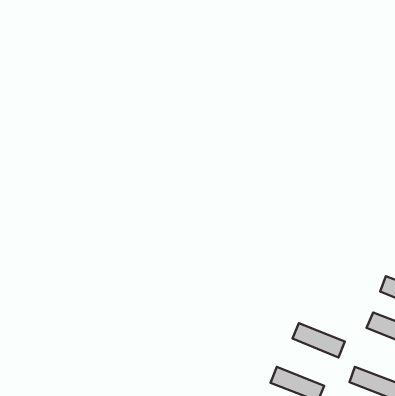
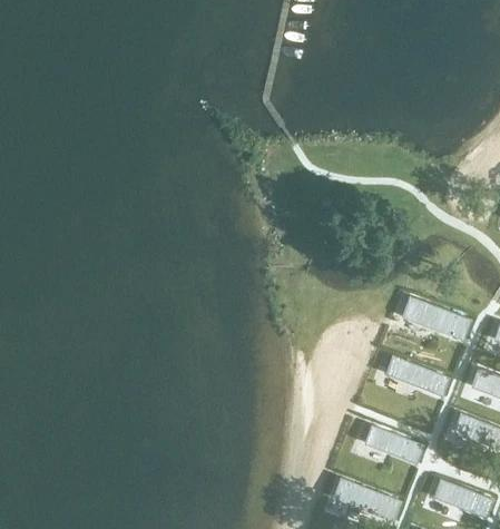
building: none -> [404,298,469,340]
building: none -> [385,355,450,398]

